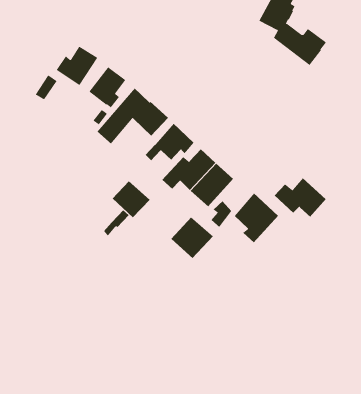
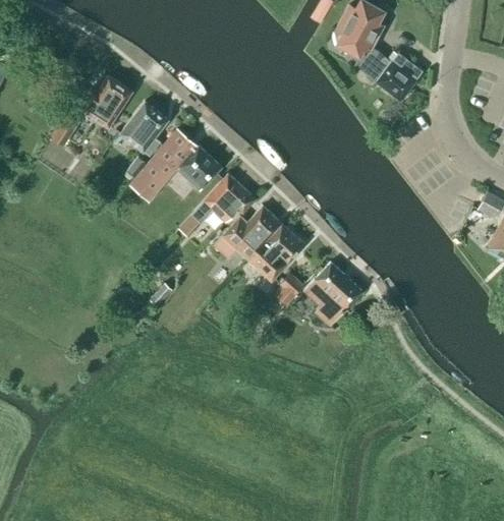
building: [274,178,327,217] -> none
building: [112,180,150,218] -> none
building: [171,216,214,259] -> none

